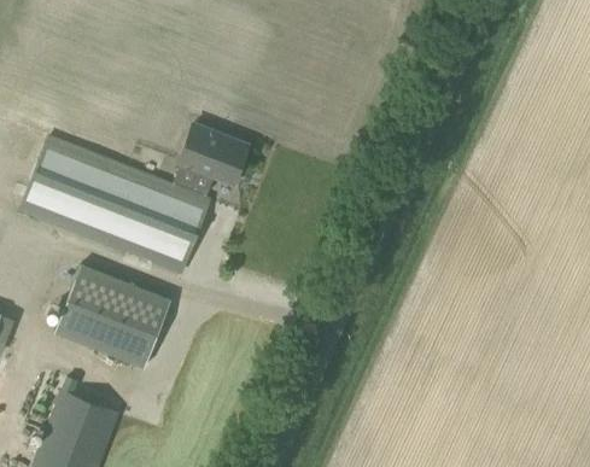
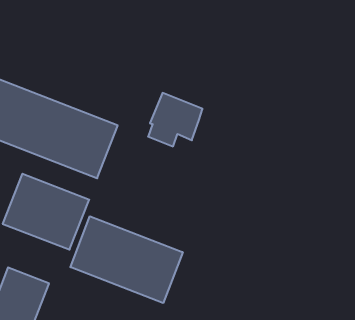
building: [175,123,249,195] -> [148,93,203,146]
building: none -> [70,216,183,303]

